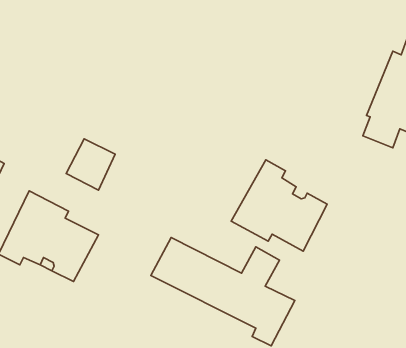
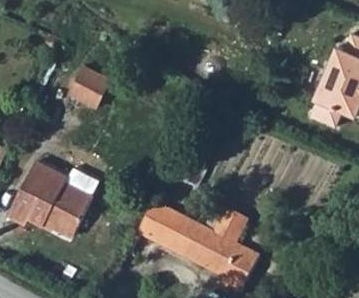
building: [66,139,115,190] -> [69,66,110,109]
building: [231,160,327,251] -> none

